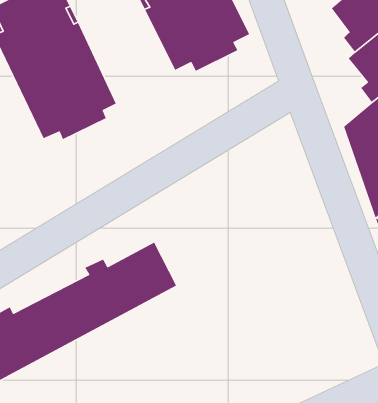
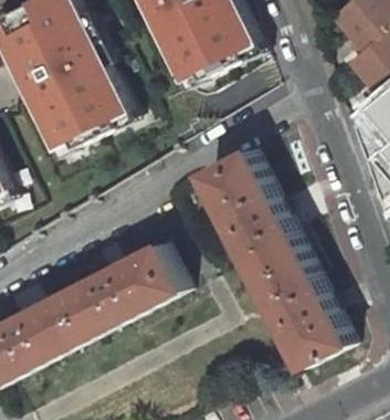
building: none -> [209,158,354,375]

